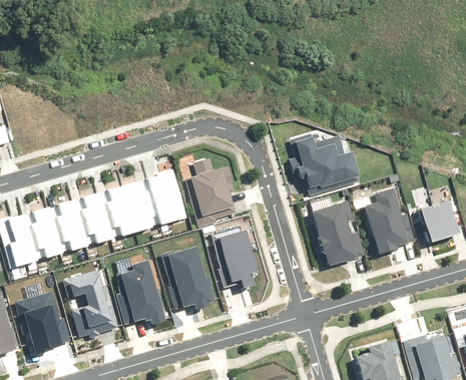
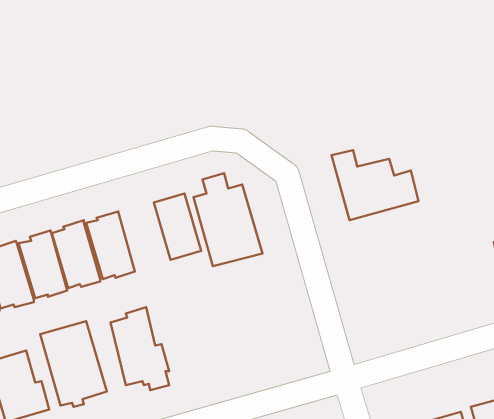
building: [126,178,164,233] -> none
building: [367,187,414,251] -> none
building: [314,201,364,265] -> none
building: [214,229,259,292] -> none
building: [162,247,214,309] -> none

